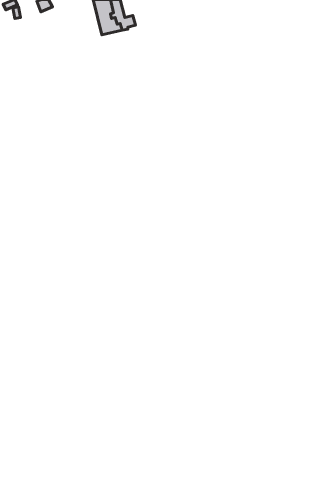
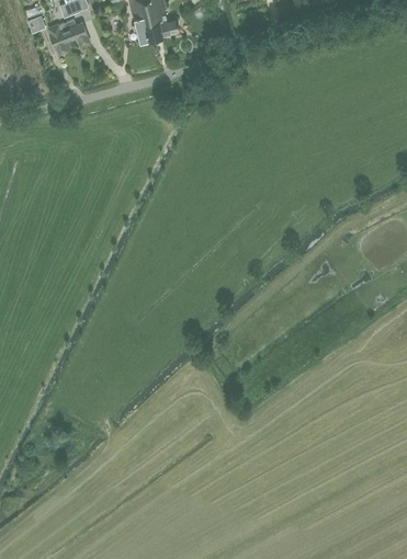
building: none -> [49,20,90,55]

